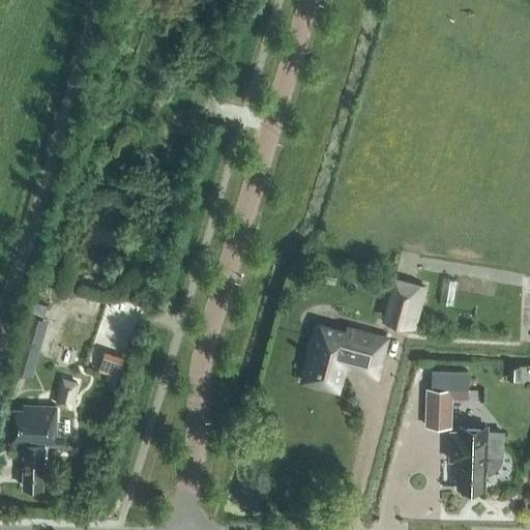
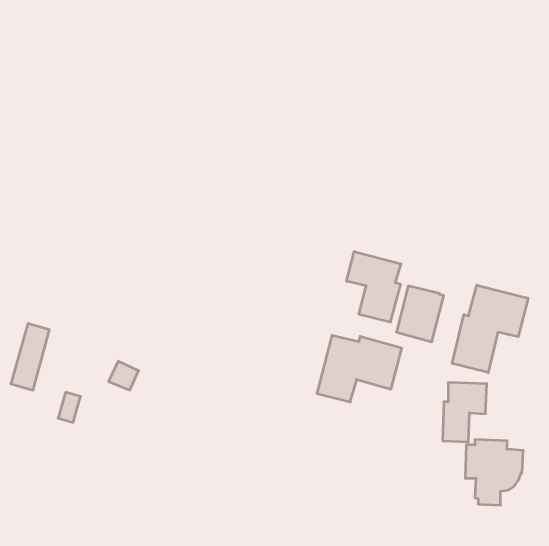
building: none -> [347,251,401,322]
building: none -> [452,285,528,373]
building: [9,407,57,490] -> none

